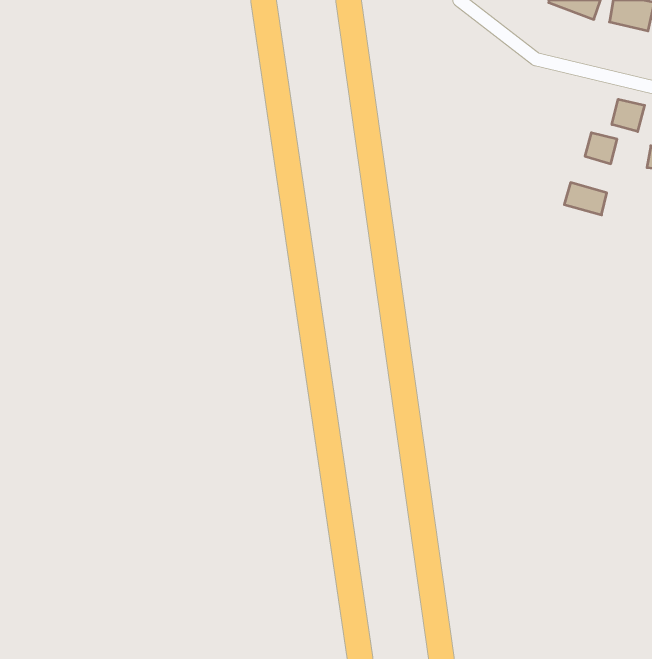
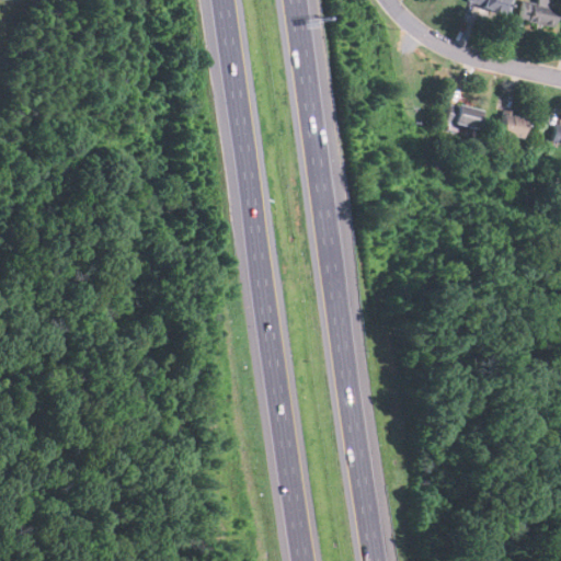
building: [612,99,645,132] -> none
building: [564,183,607,215] -> [449,102,485,129]

